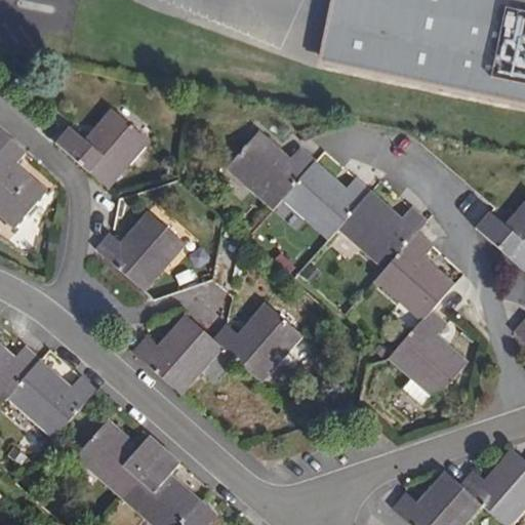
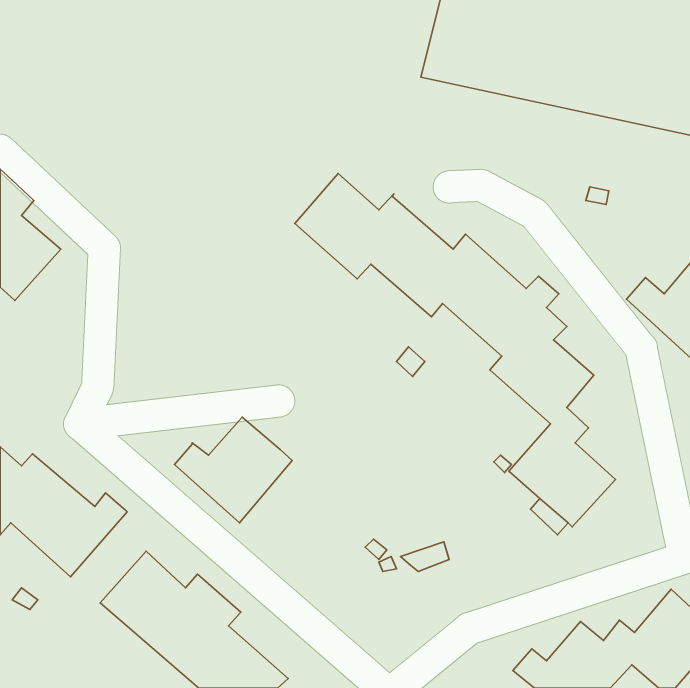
building: [56,110,150,190] -> none
building: [94,212,185,292] -> none
building: [213,302,302,383] -> none

